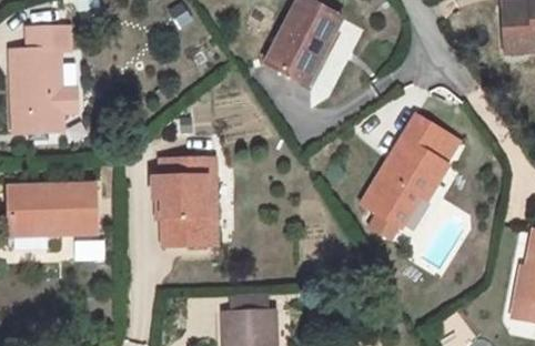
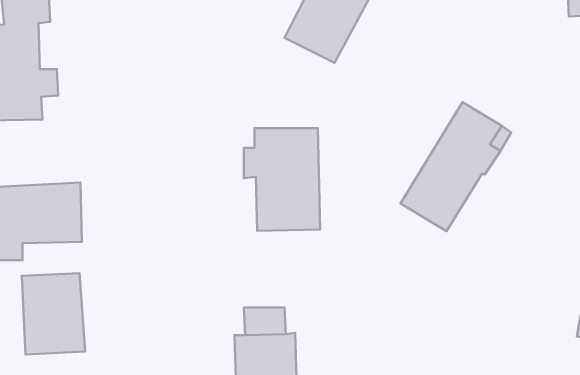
building: [153,157,218,244] -> [244,128,320,231]
building: none -> [22,273,85,355]

